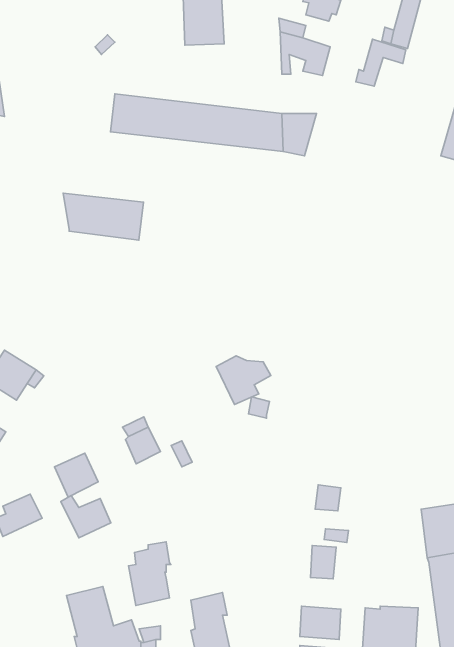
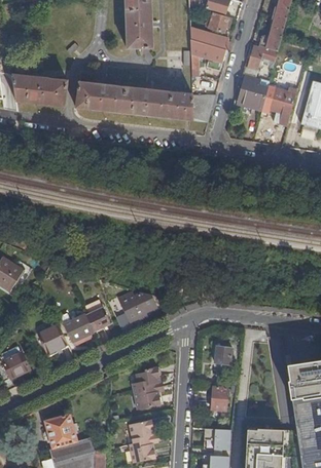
building: none -> [238,76,268,107]
building: none -> [270,87,295,114]
building: [63,193,143,240] -> [12,74,67,106]
building: [216,356,271,404] -> [118,289,155,322]
building: [61,495,111,538] -> [60,313,94,342]
building: [128,542,171,605] -> [134,366,163,410]

